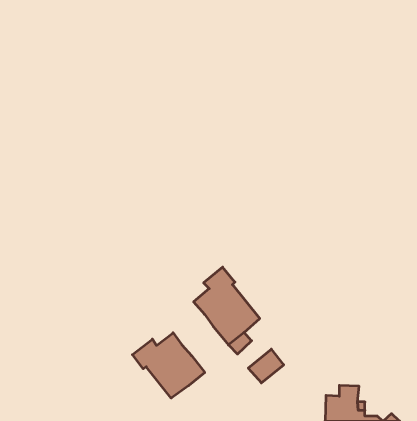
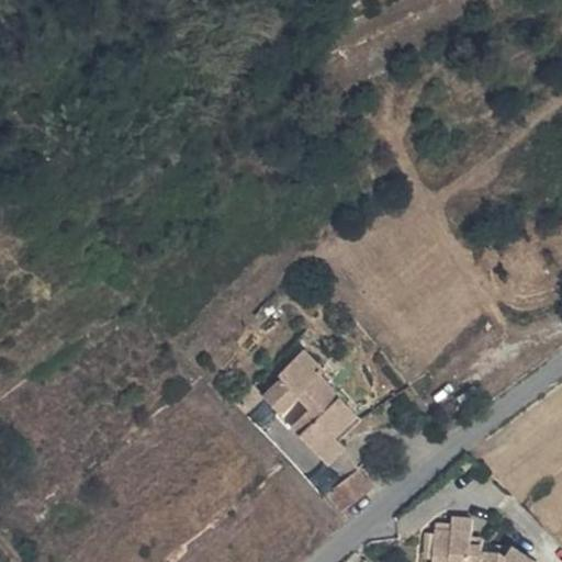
building: [132,333,205,398] -> none

